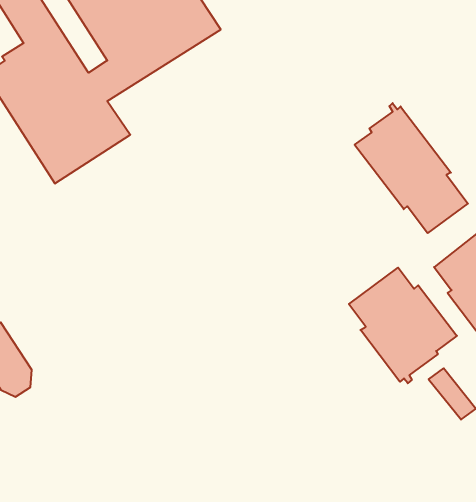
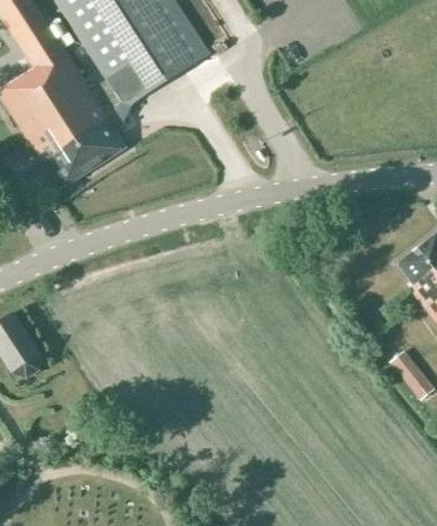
building: [355,103,468,233] -> none
building: [349,268,457,383] -> none

